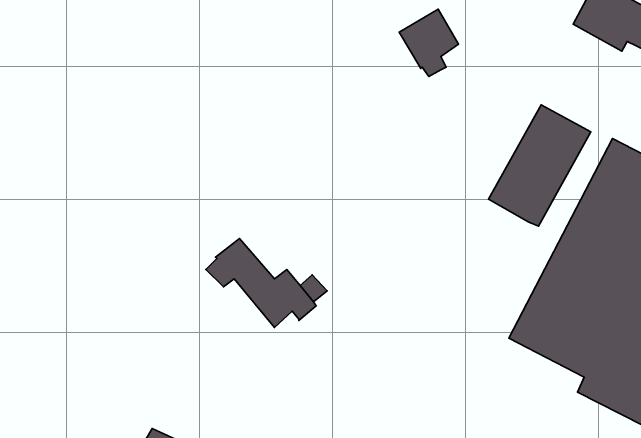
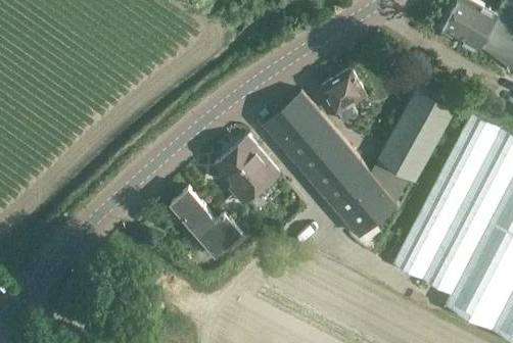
building: [399,9,458,77] -> [321,71,366,122]
building: none -> [263,92,399,238]
building: none -> [214,137,280,207]

